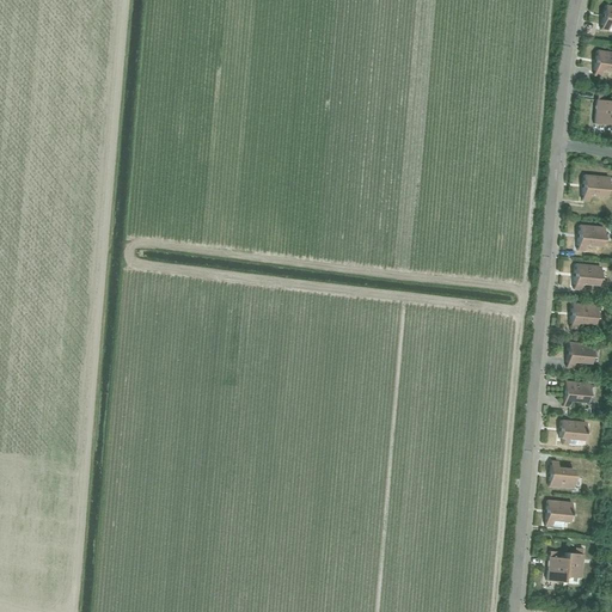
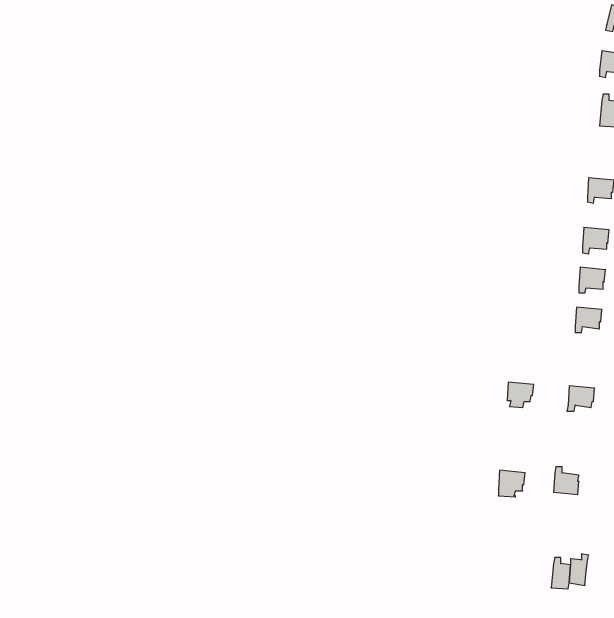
building: [569,342,595,368] -> none
building: [562,421,588,446] -> [507,382,534,408]
building: [547,501,574,527] -> [498,470,525,497]

